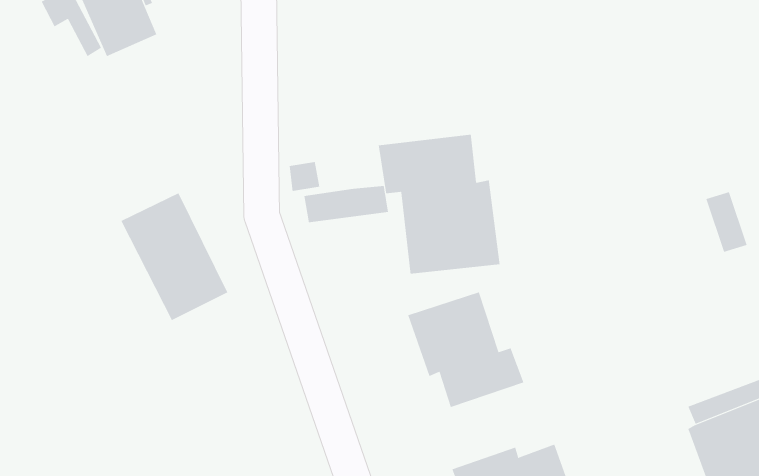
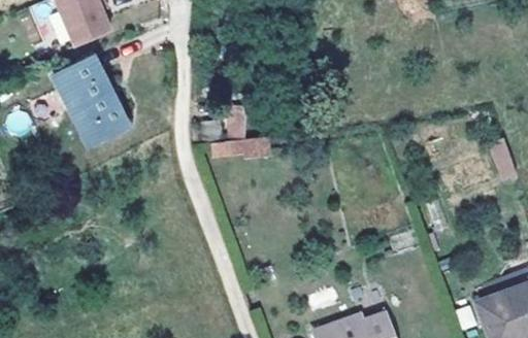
building: [378,134,500,274] -> none
building: [121,192,228,321] -> [54,56,128,144]
building: [408,292,524,408] -> none

